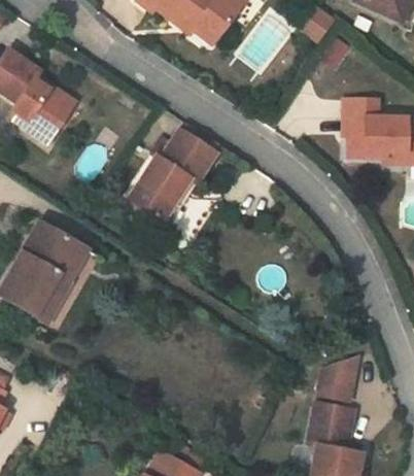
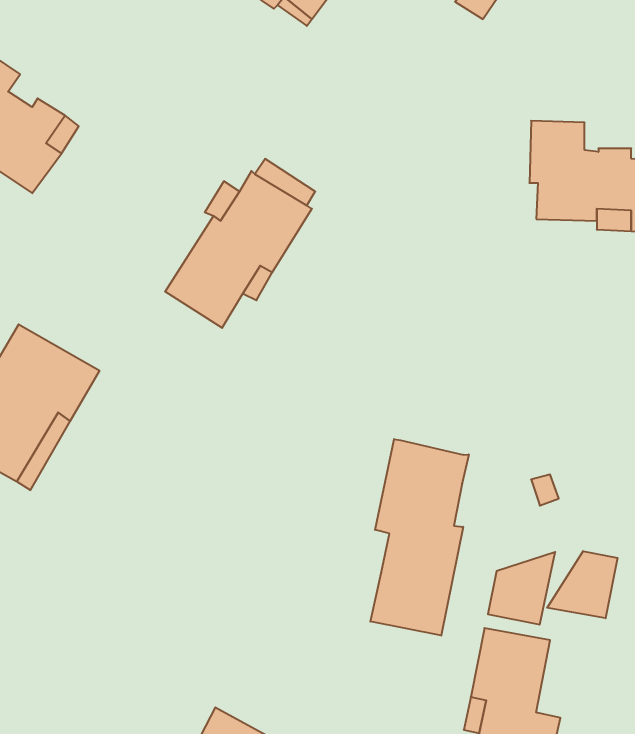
building: none -> [370,439,469,636]
building: none -> [547,551,618,618]

